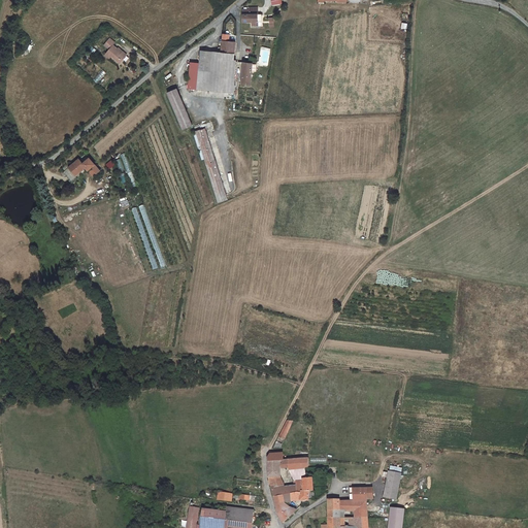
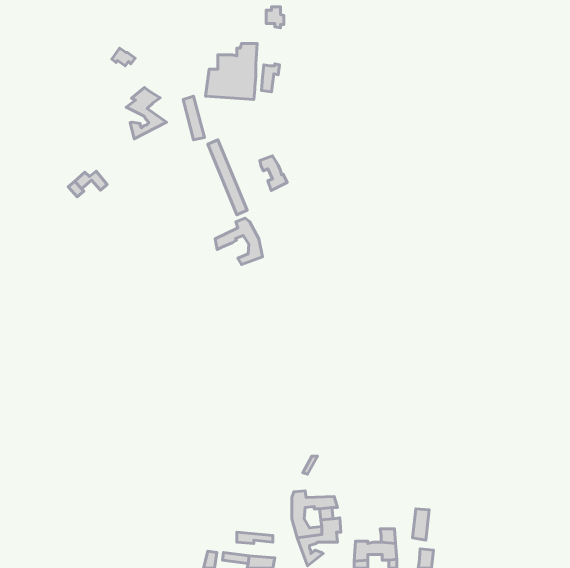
building: none -> [126,88,167,139]
building: none -> [260,156,287,191]
building: none -> [215,218,262,265]

